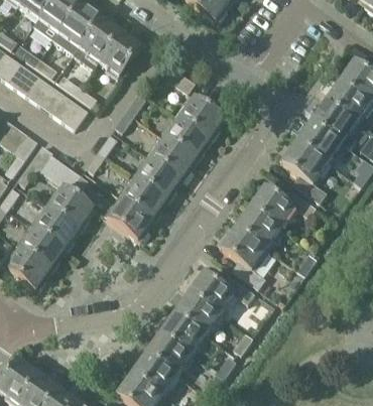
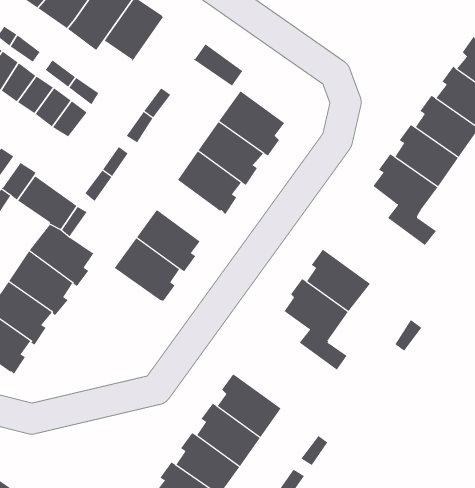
building: [135,156,179,199] -> none
building: [249,183,317,228] -> none
building: [191,269,255,313] -> none

